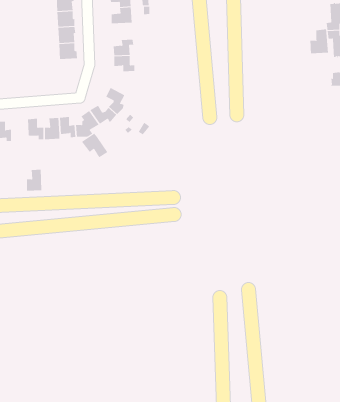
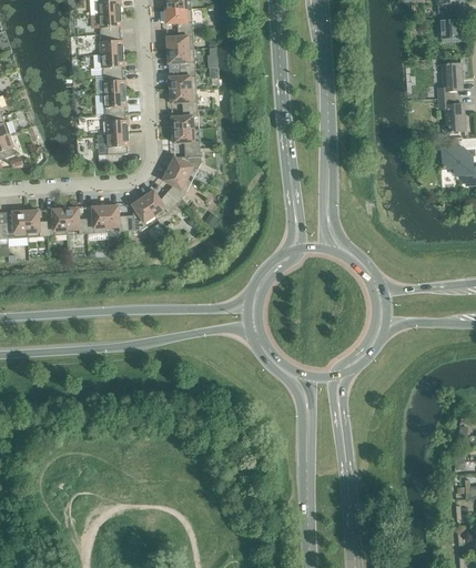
building: none -> [169,88,196,109]
building: [310,29,329,54] -> none
building: none -> [104,132,128,161]
building: none -> [168,148,200,178]
building: [81,133,108,158] -> none
building: [26,169,42,191] -> [45,207,65,235]

